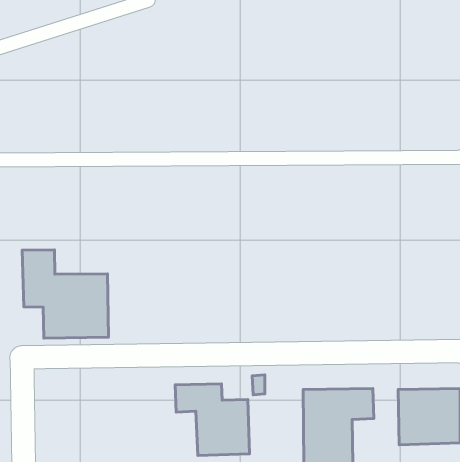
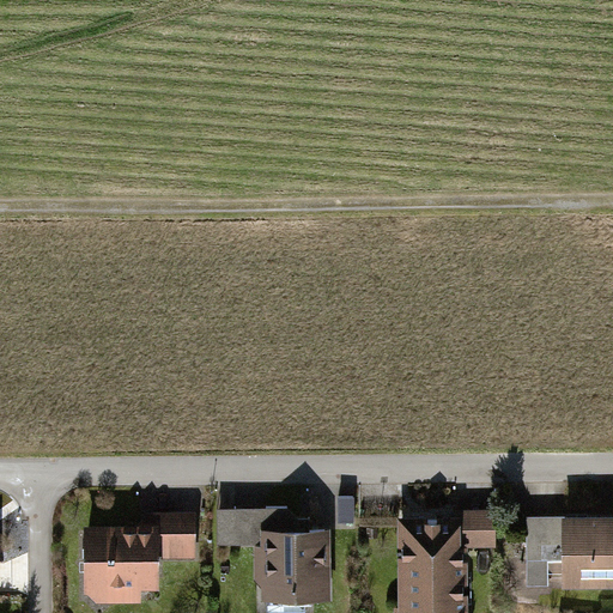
building: [22,250,108,338] -> none
building: none -> [80,512,195,600]

